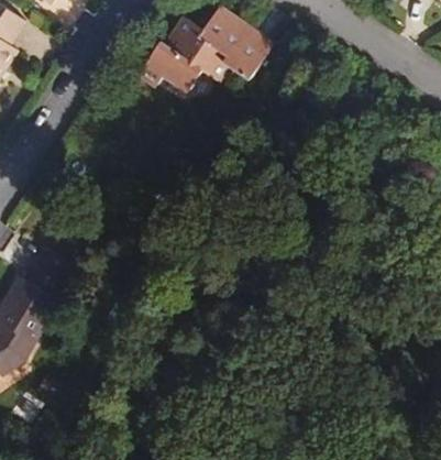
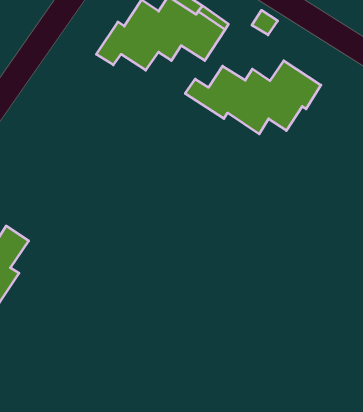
building: none -> [185,61,321,134]

